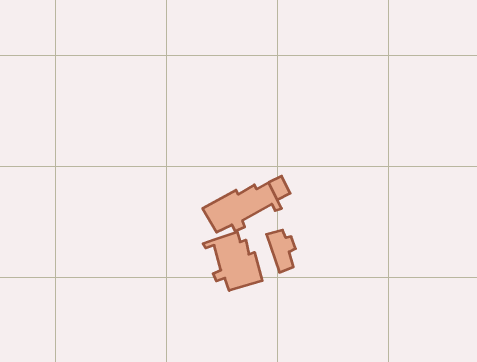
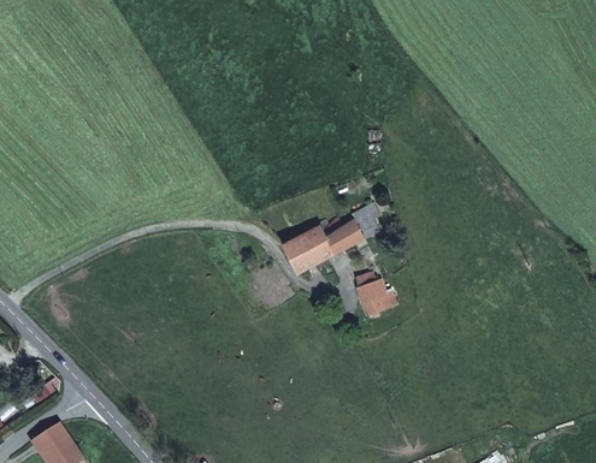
building: [203,232,262,291] -> none

